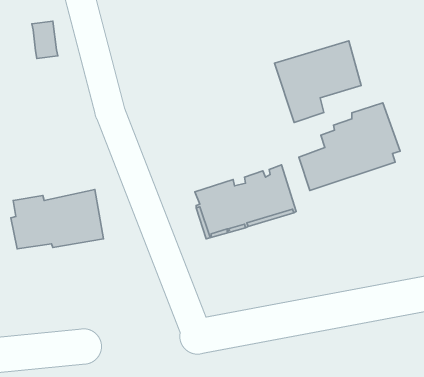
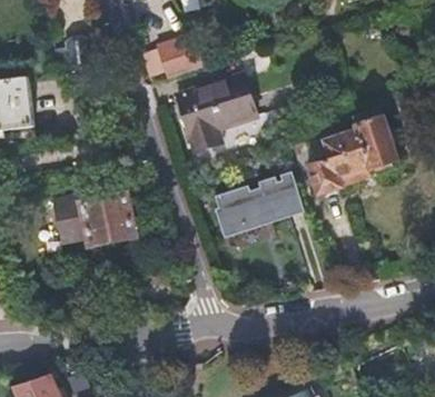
building: none -> [158,33,206,77]
building: [275,41,361,122] -> [178,73,256,147]

